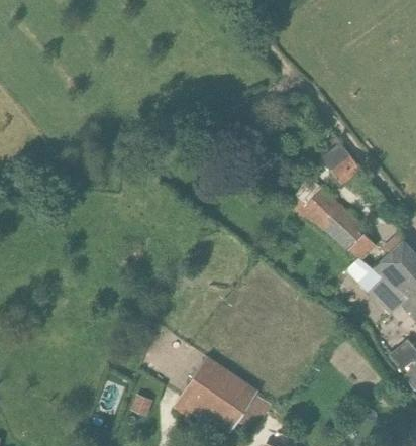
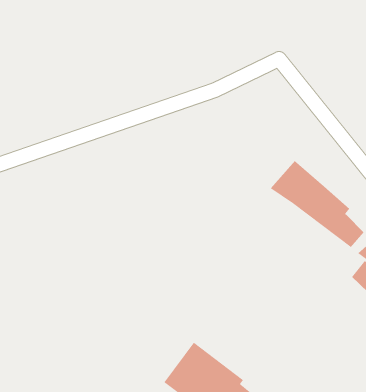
building: [320,143,360,185] -> none

